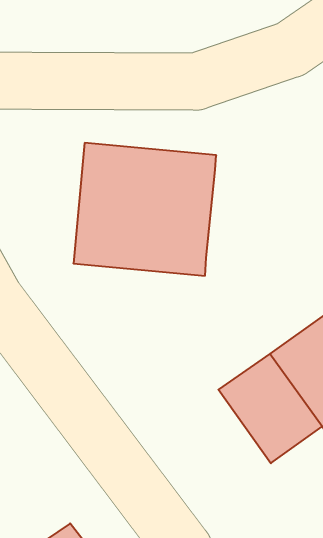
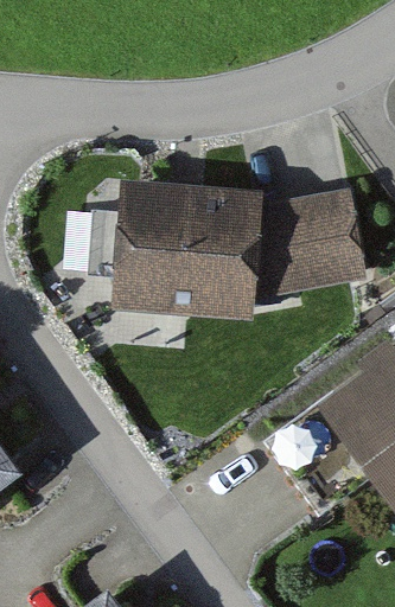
building: none -> [253,189,370,300]

